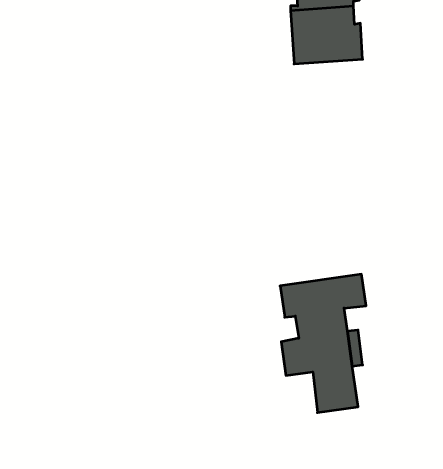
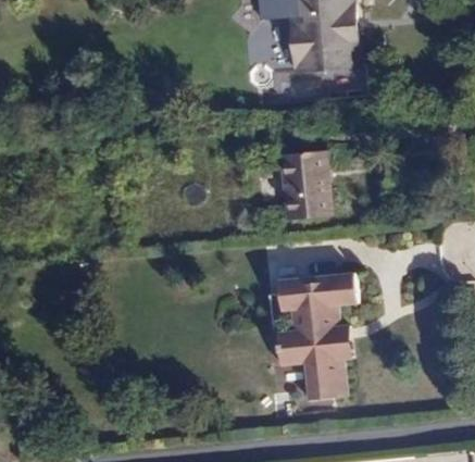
building: none -> [282,146,332,215]

